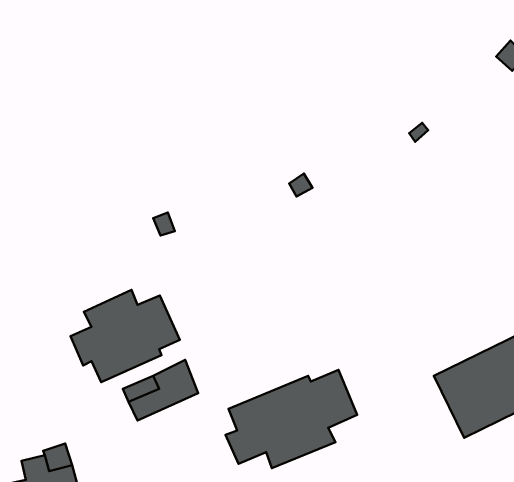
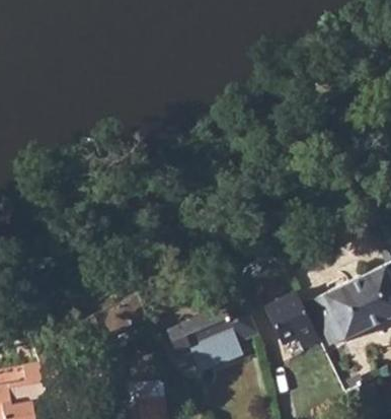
building: [71,290,180,382] -> none
building: none -> [262,291,317,347]

